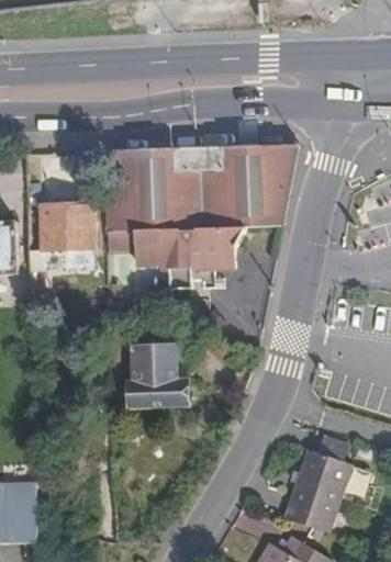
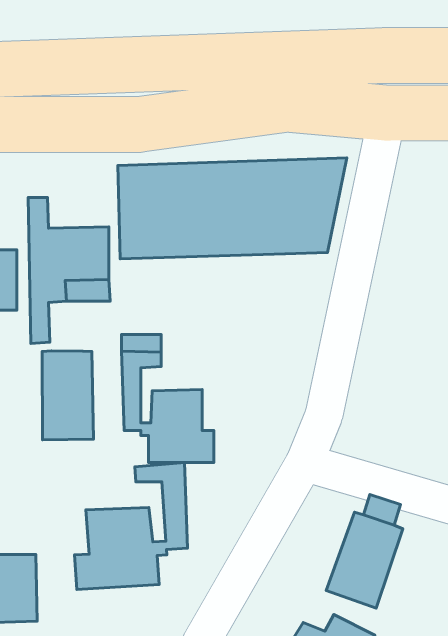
building: [105,227,247,289] -> none
building: none -> [42,351,93,440]
building: none -> [75,462,187,589]

